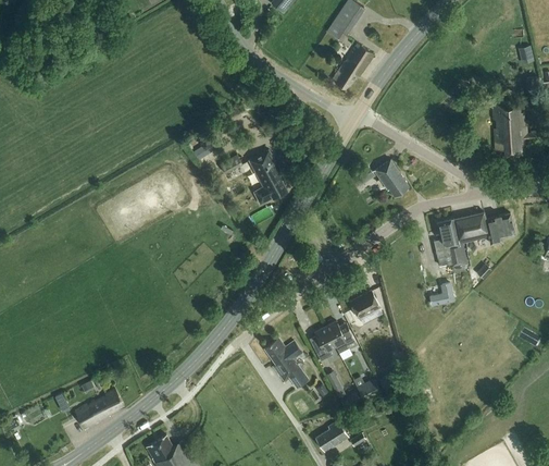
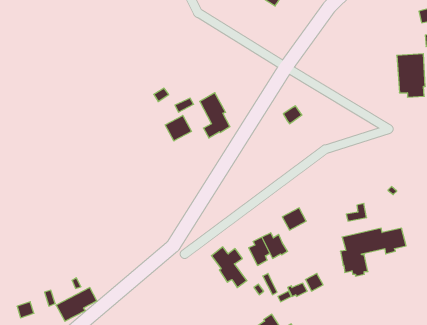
building: [332,44,374,90] -> none
building: [373,160,407,196] -> none
building: none -> [165,115,191,141]
building: [434,212,514,271] -> [340,228,406,276]

